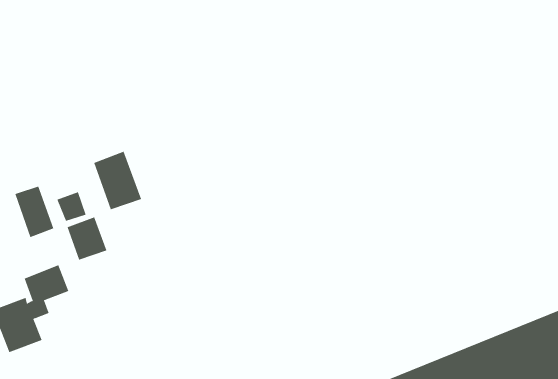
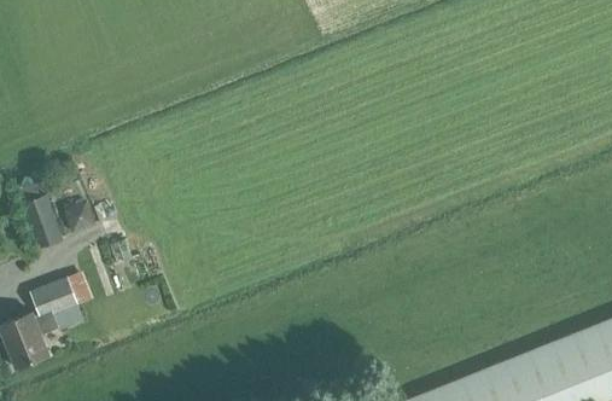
building: [94,151,142,210] -> none
building: [67,217,107,261] -> none

